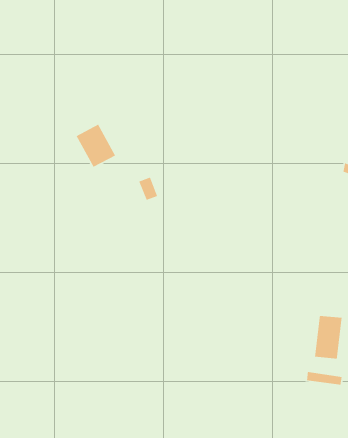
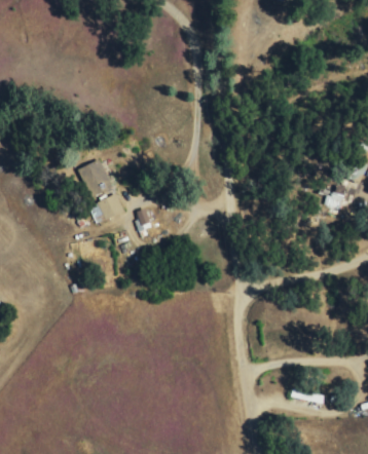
building: [314,315,343,359] -> none

